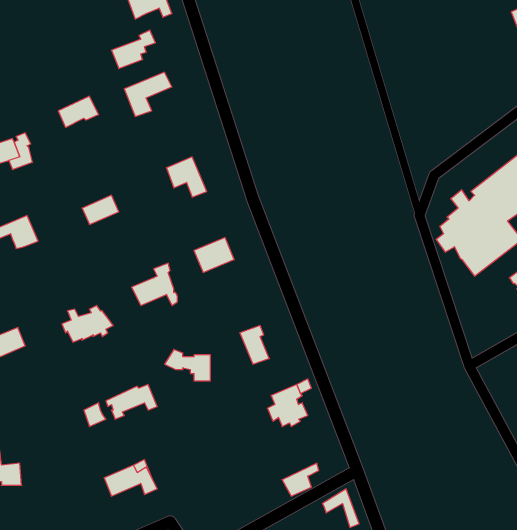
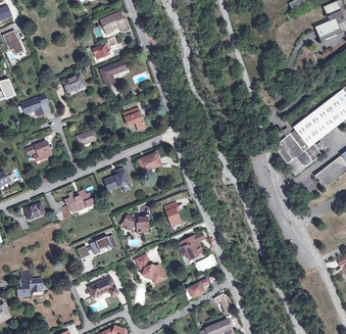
building: none -> [138,254,166,284]

